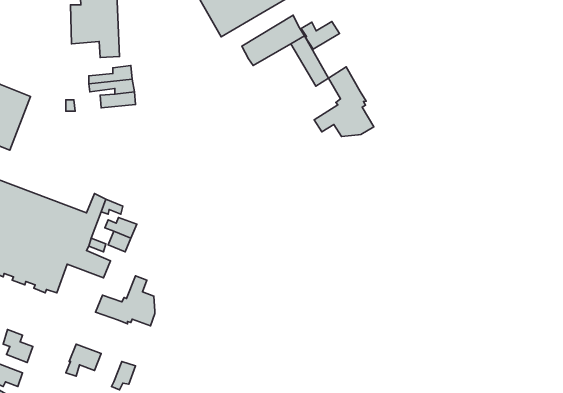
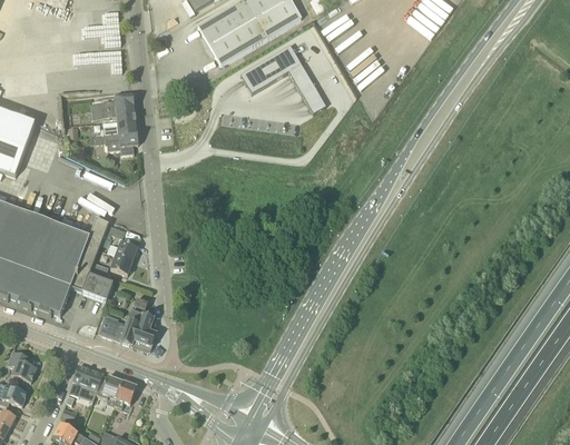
building: [301,21,340,49] -> none
building: [314,67,374,137] -> none
building: none -> [94,129,137,152]
building: none -> [95,372,122,399]

